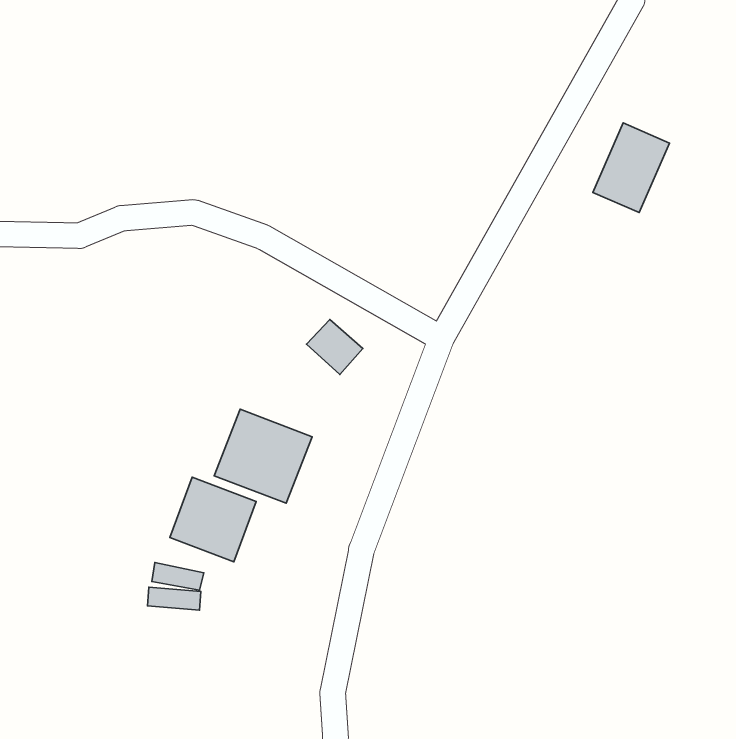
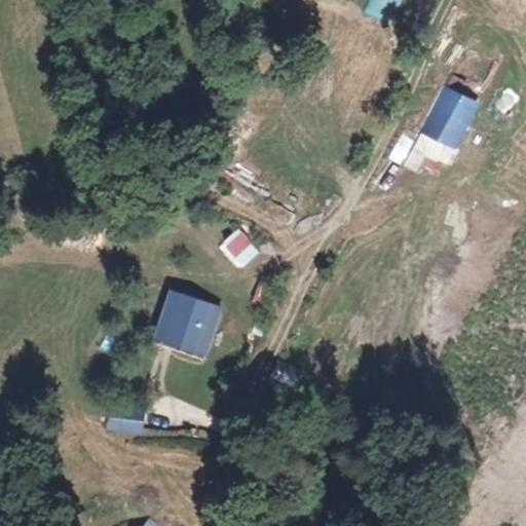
building: [170,477,256,562] -> none

